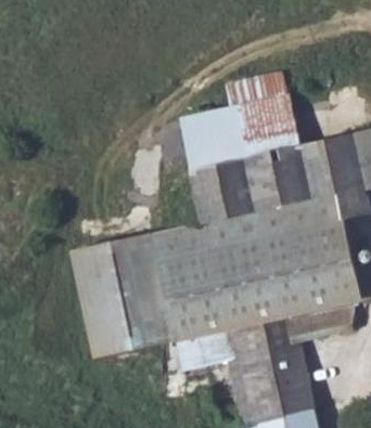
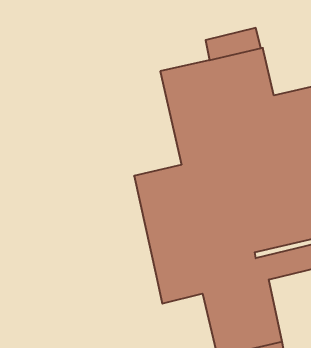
building: [71,233,176,359] -> none

